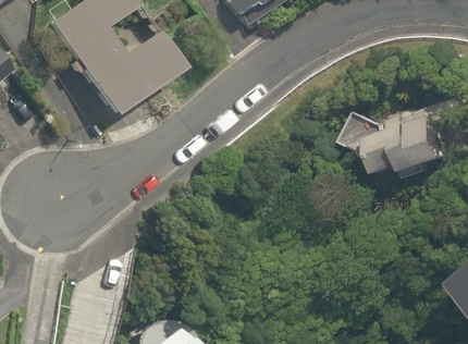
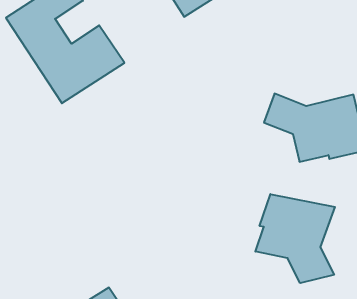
building: none -> [255,194,335,283]

